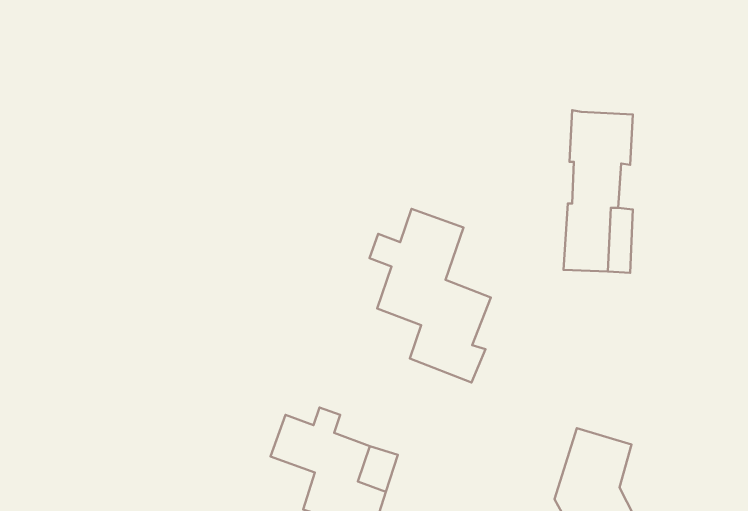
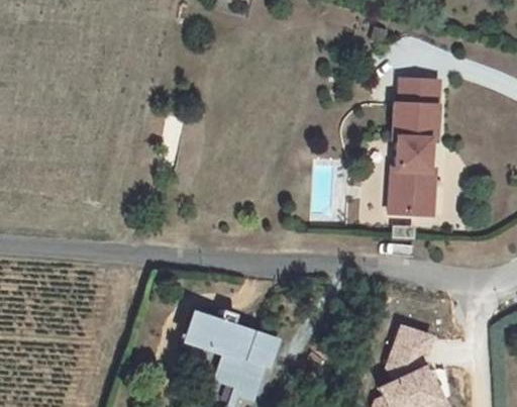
building: none -> [402,81,439,108]
building: [370,209,491,382] -> none

